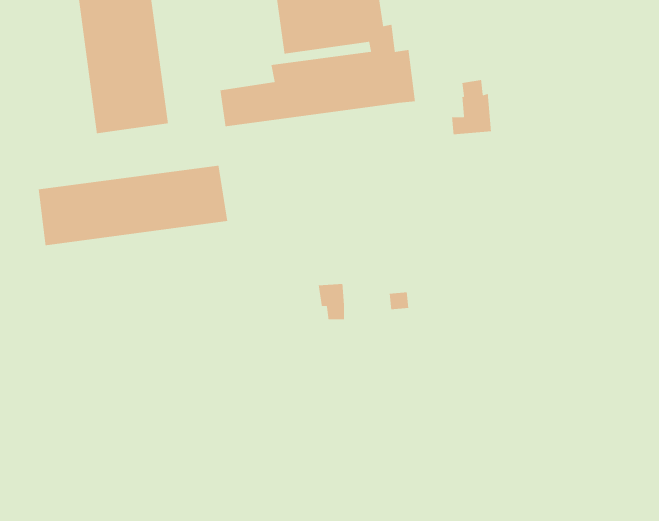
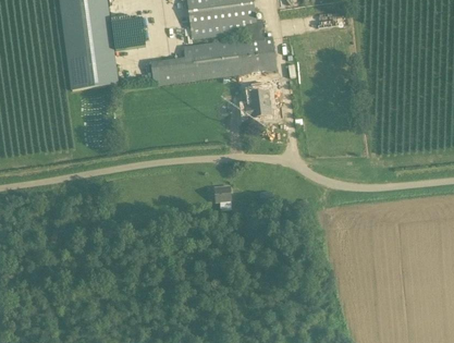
building: [451,79,492,135] -> [245,82,271,118]
building: [38,165,228,246] -> none

